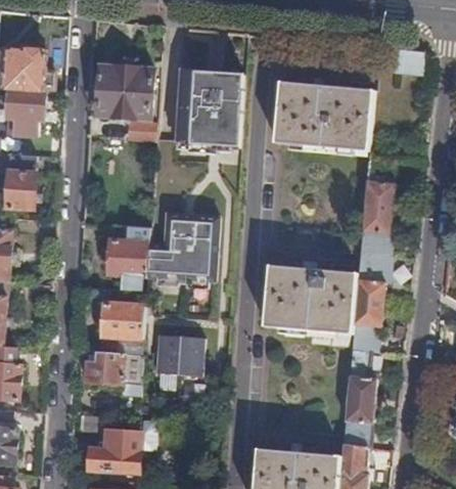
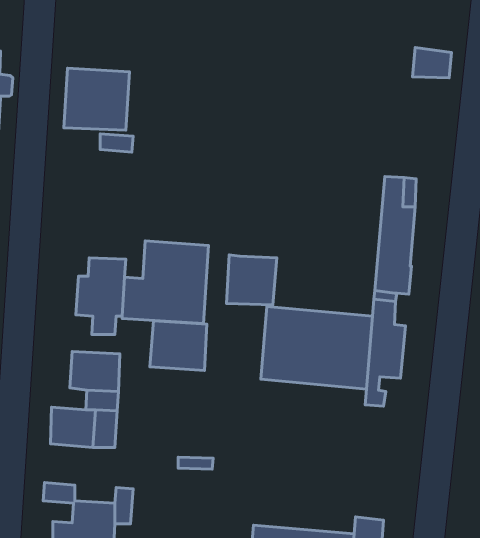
building: [176,70,243,147] -> none
building: [273,82,373,151] -> none
building: none -> [227,255,277,305]
building: [155,331,203,373] -> [150,321,207,371]
building: [343,348,375,446] -> none

